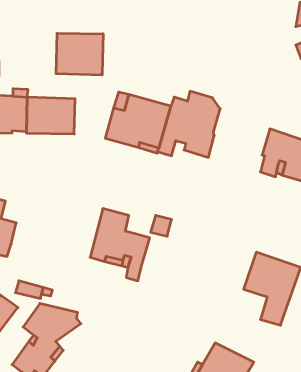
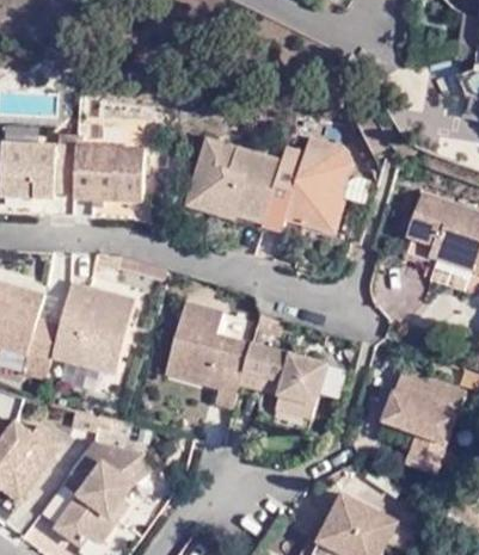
building: [56,33,103,75] -> none
building: none -> [53,280,133,370]
building: none -> [239,343,326,418]

